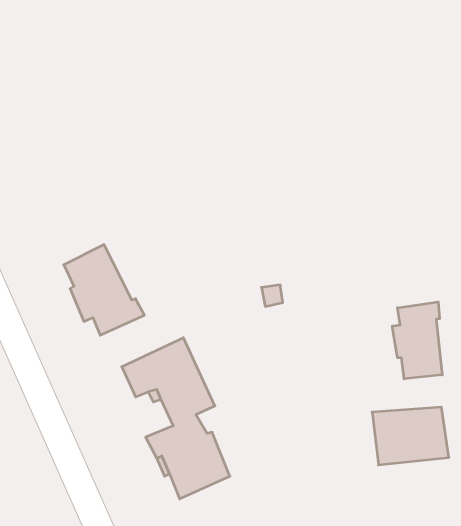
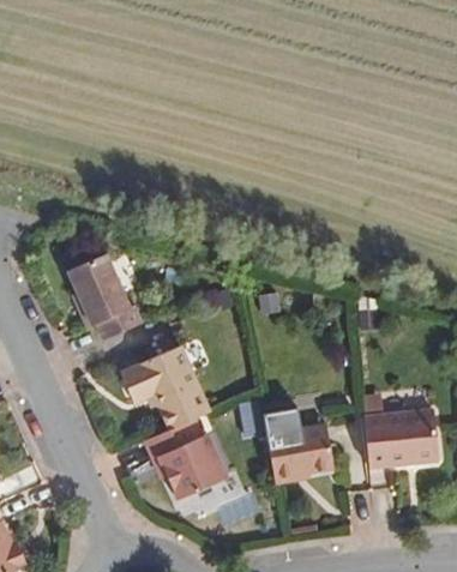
building: [392,302,442,379] -> none
building: none -> [264,423,327,482]

